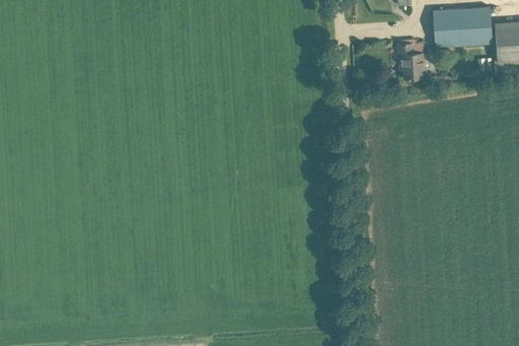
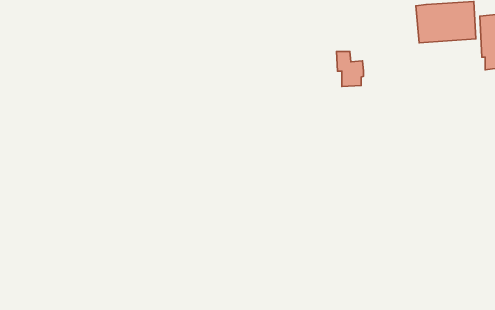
building: [398,44,425,78] -> [337,51,363,87]

